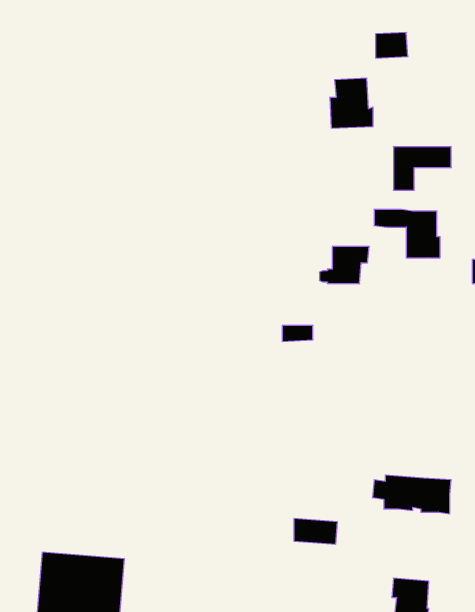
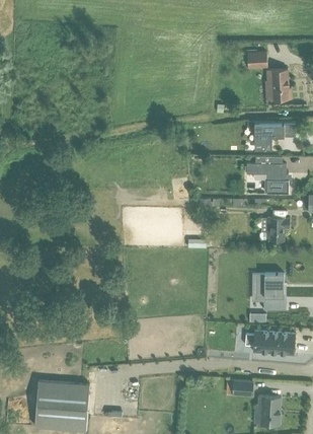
building: [330,78,373,128] -> [263,69,291,100]
building: [319,247,369,284] -> [258,218,290,241]
building: none -> [255,273,284,309]
building: [294,518,337,544] -> [226,379,253,395]

